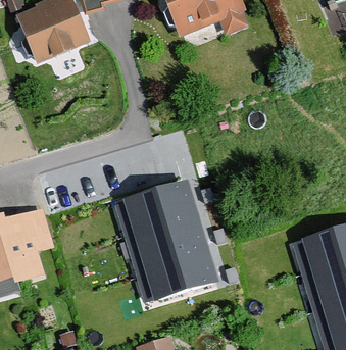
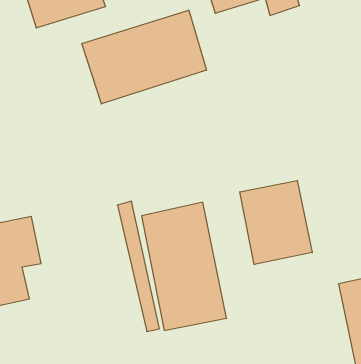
building: none -> [82,10,207,104]
building: none -> [240,180,312,265]

